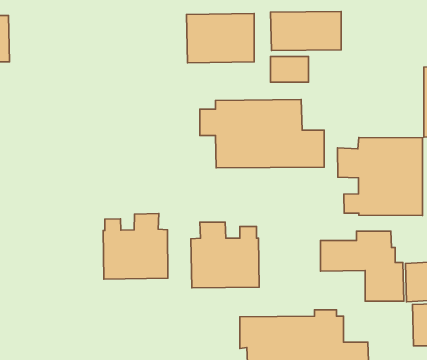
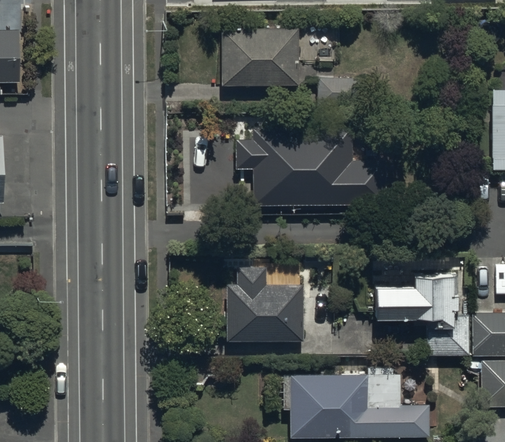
building: [271,11,341,51] -> none
building: [337,138,423,215] -> none
building: [103,214,168,279] -> none

